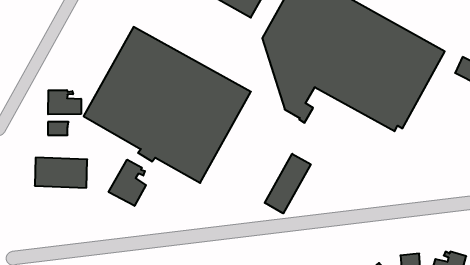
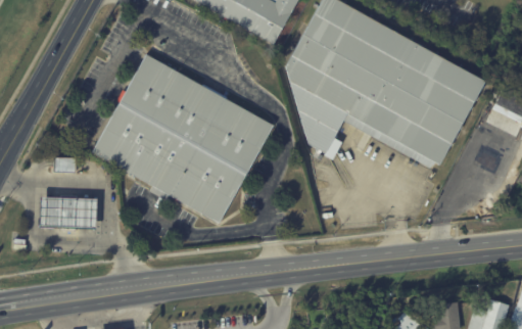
building: [48,90,81,114] -> none
building: [265,154,311,213] -> none
building: [109,160,146,206] -> none

